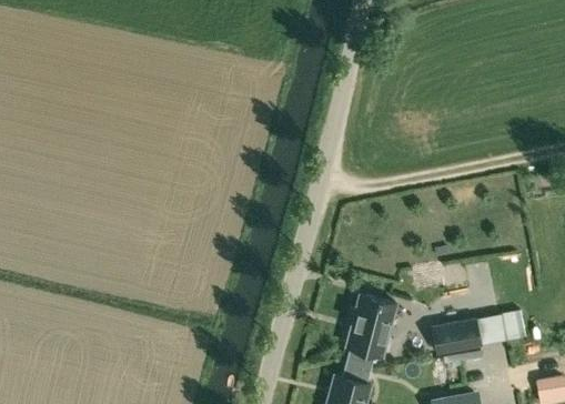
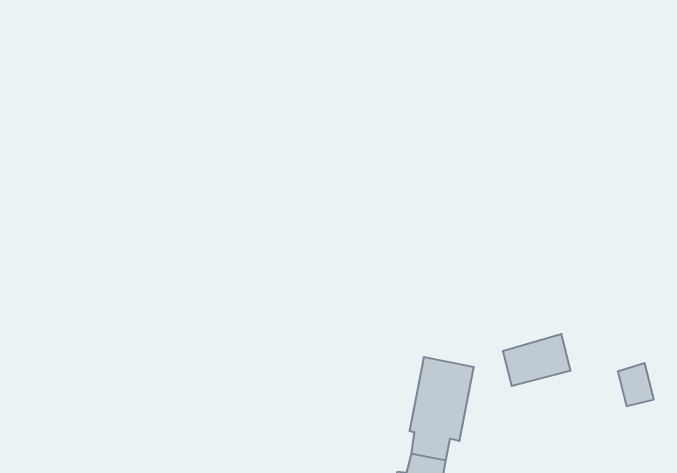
building: [433,319,481,353] -> [503,334,571,386]

